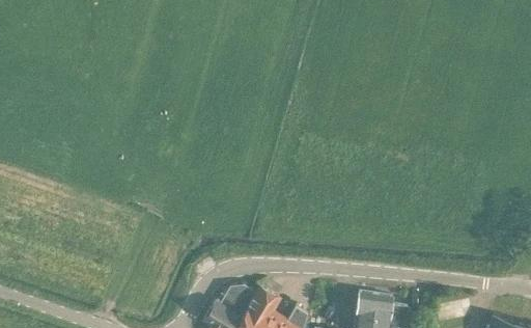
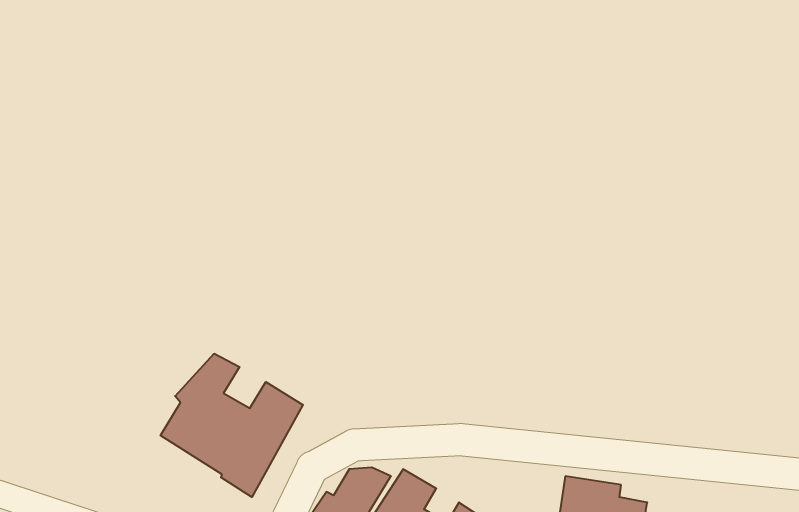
building: none -> [161,354,303,497]

